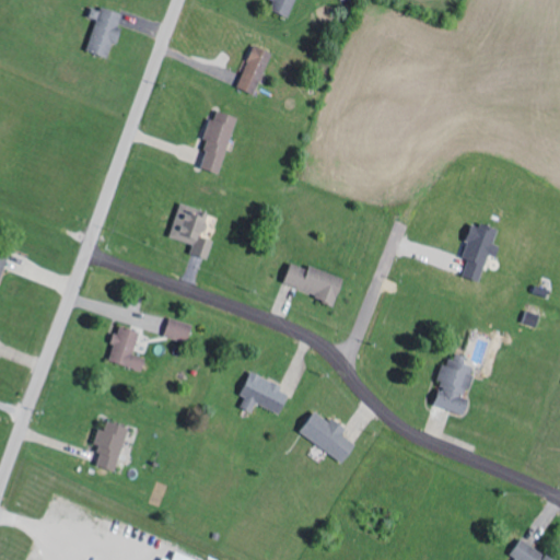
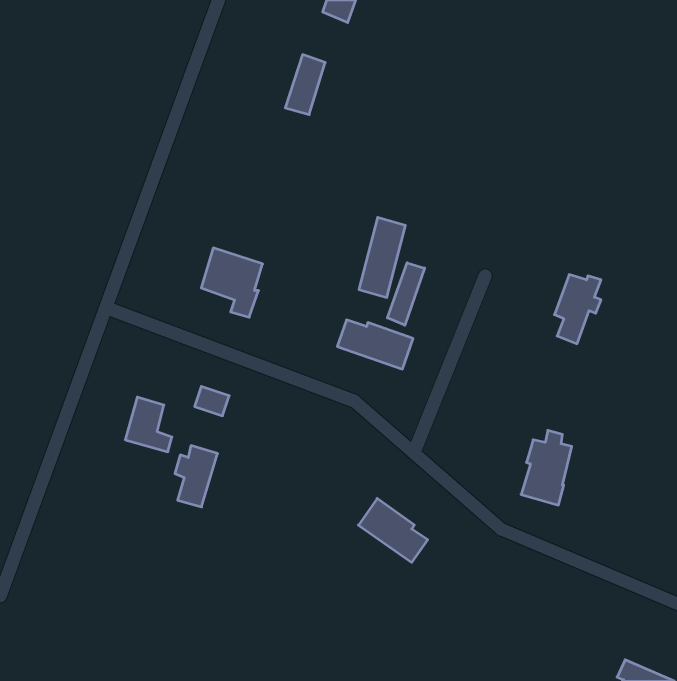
building: [85,5,121,58] -> none
building: [197,109,235,175] -> [359,217,405,297]
building: none -> [387,263,425,325]
building: [240,373,290,415] -> none
building: [92,421,127,471] -> [175,446,218,507]

